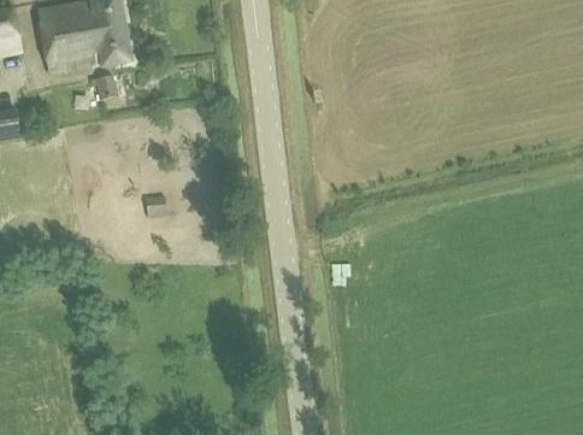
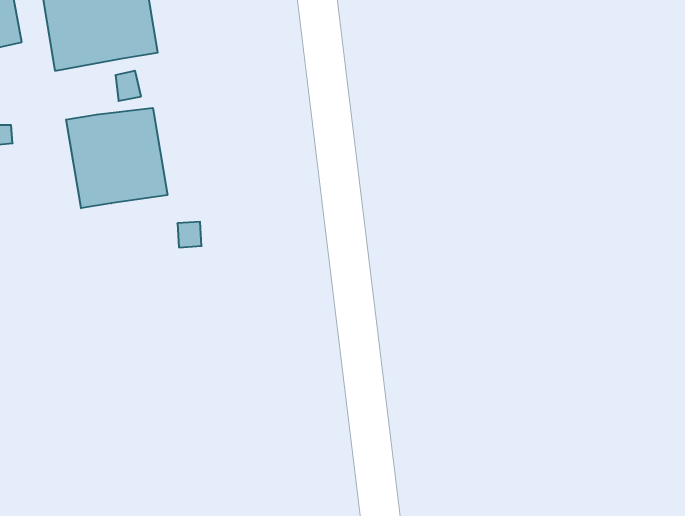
building: none -> [66,108,167,208]

